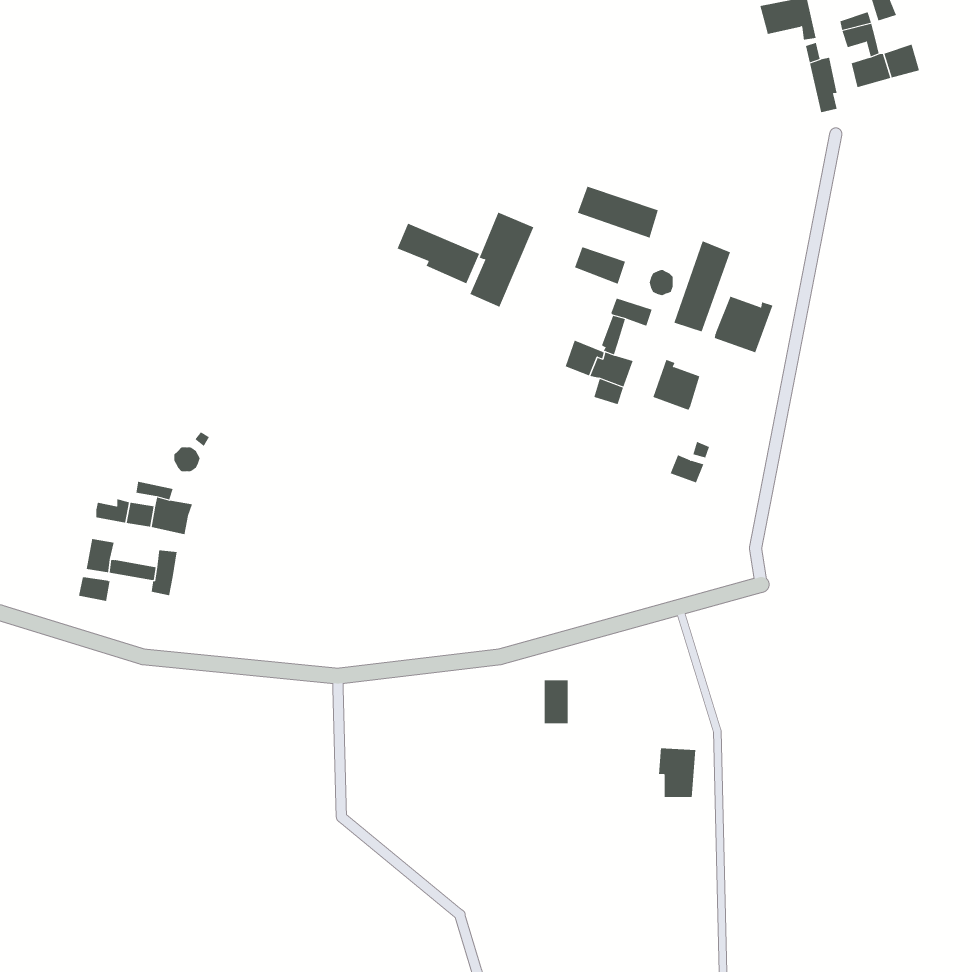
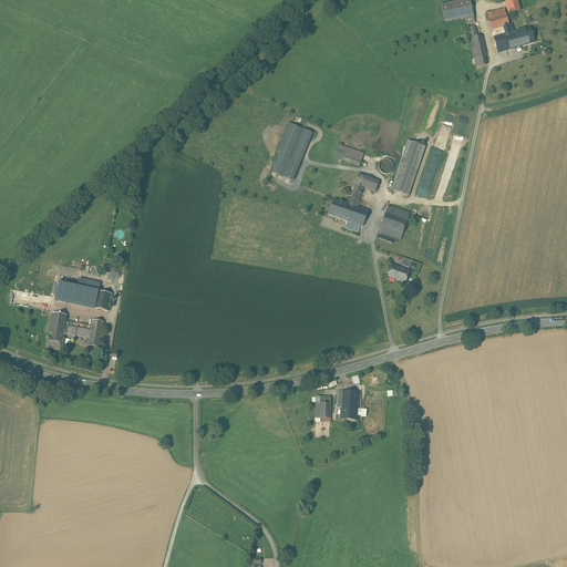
building: [577,186,658,238] -> none
building: [397,223,480,284] -> none
building: [714,296,773,353] -> none
building: [658,748,696,797] -> [337,390,359,419]

